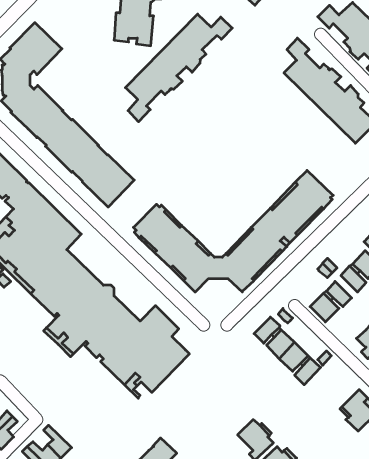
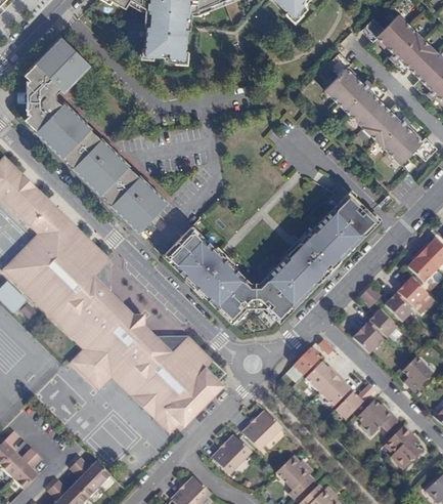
building: [125,14,232,122] -> none
building: none -> [356,398,398,435]
building: none -> [242,410,281,449]
building: none -> [212,433,251,473]
building: none -> [75,456,110,486]

